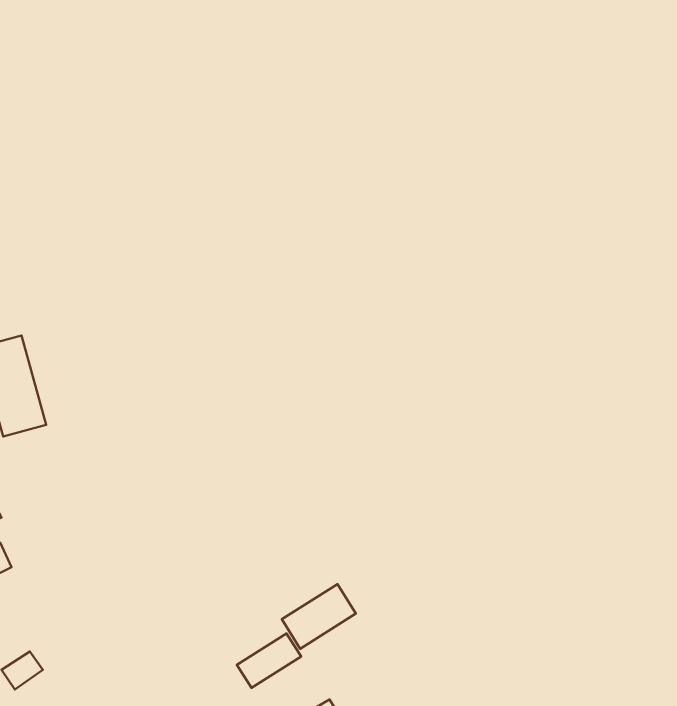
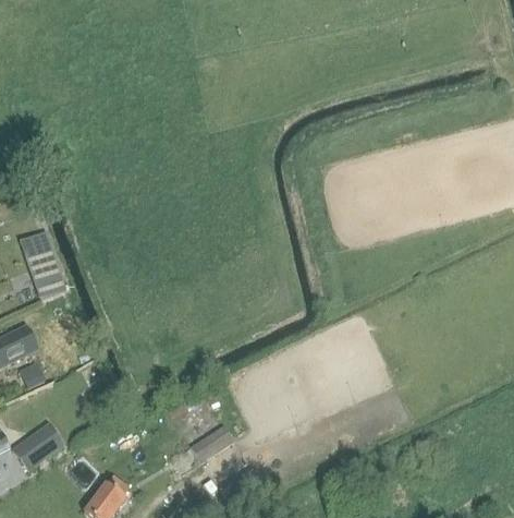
building: [282,584,356,649] -> none

